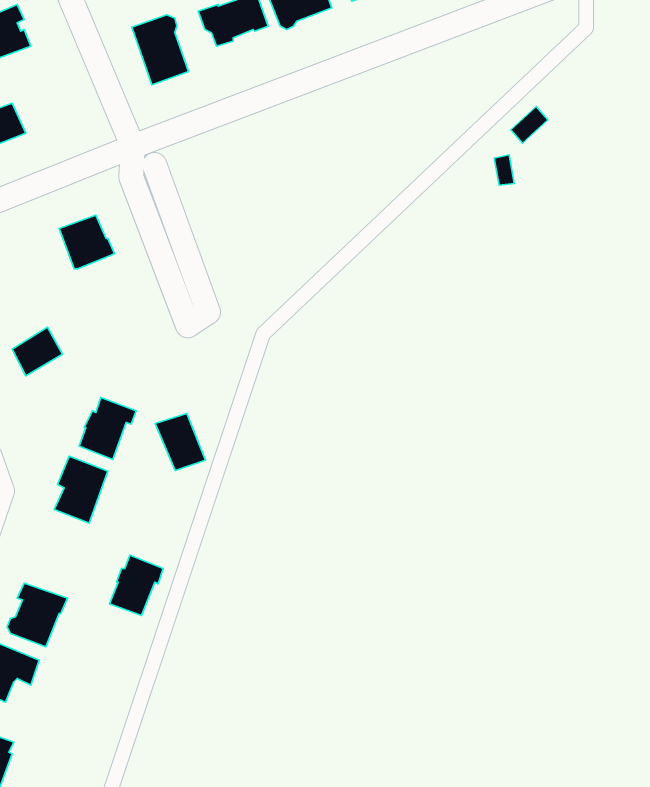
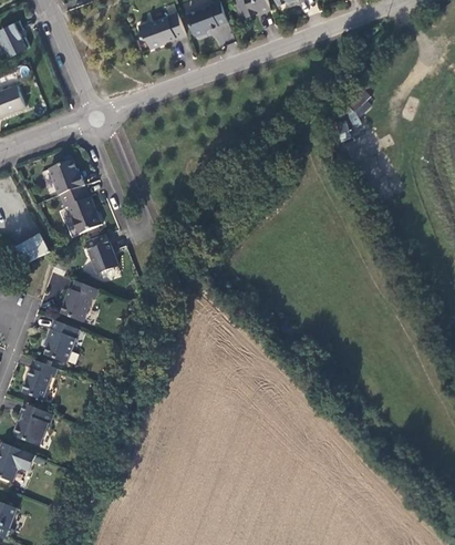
building: [132,15,189,85] -> none
building: none -> [60,186,100,234]
building: [155,413,205,470] -> [83,235,116,272]
building: [110,555,163,615] -> [22,359,58,399]

